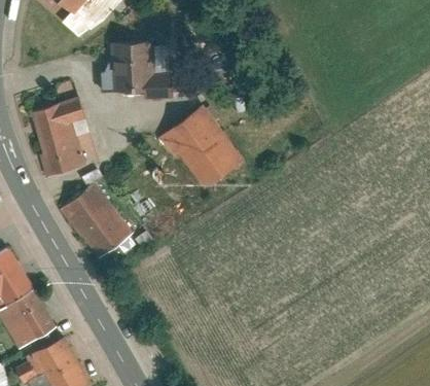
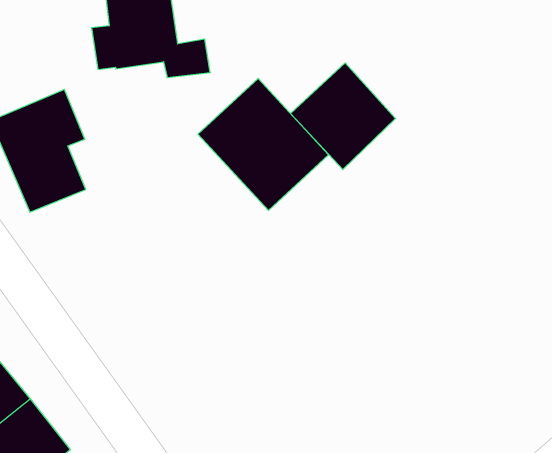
building: none -> [290,63,396,170]
building: [60,184,131,258] -> none

